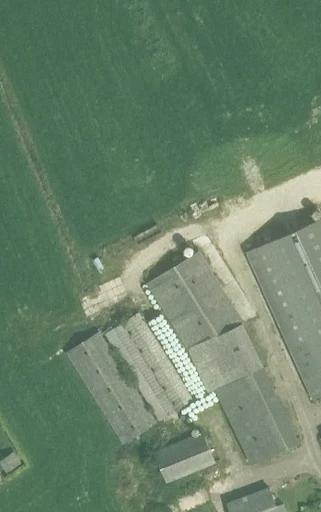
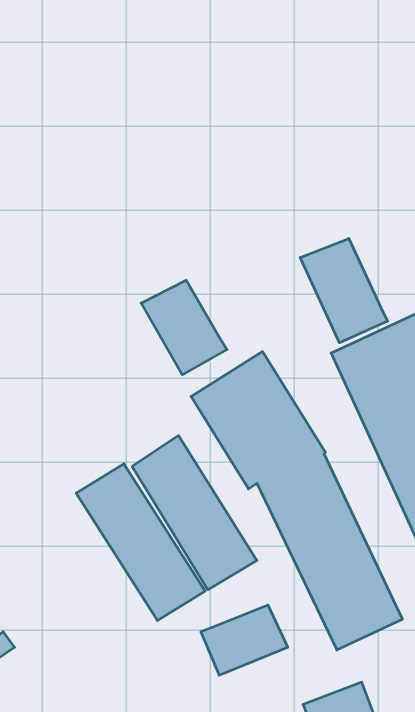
building: none -> [300,238,388,343]
building: none -> [141,280,227,375]

